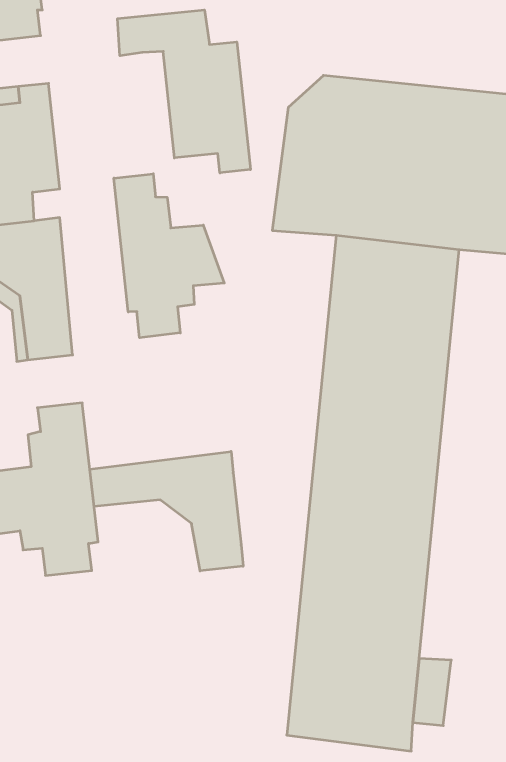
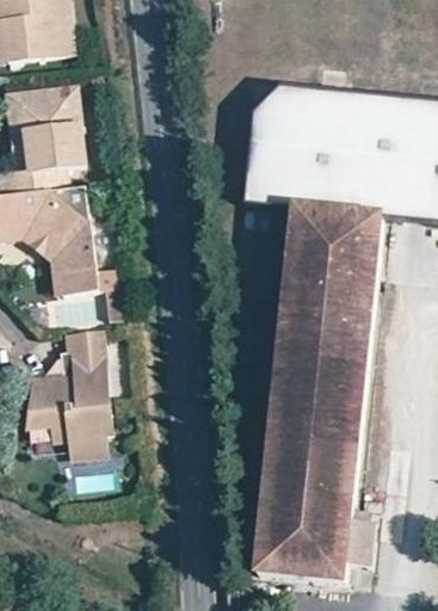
building: [118,10,250,173] -> none
building: [114,174,224,338] -> none
building: [90,451,243,571] -> none

